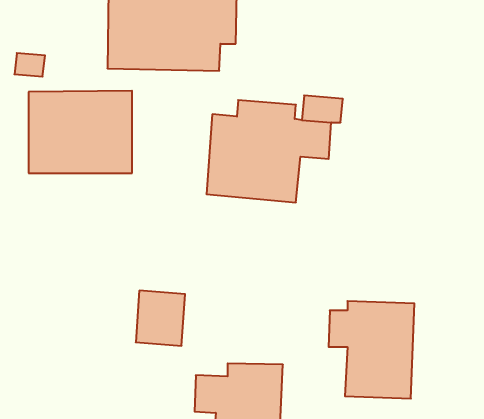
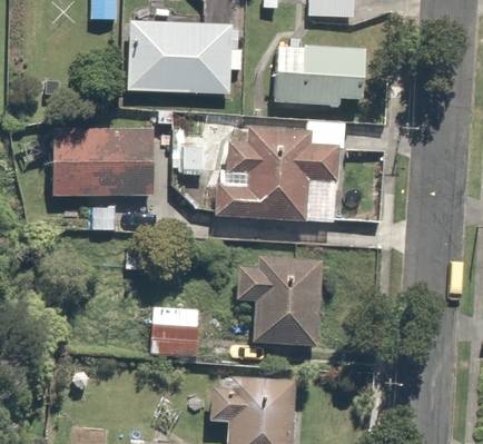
building: none -> [280,46,366,106]
building: [329,301,414,399] -> [235,255,316,347]

